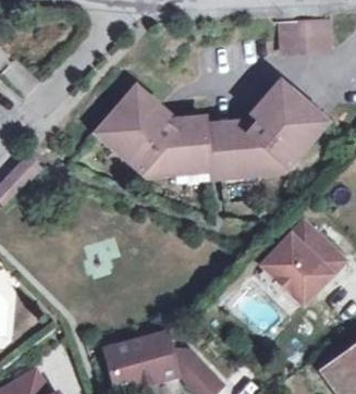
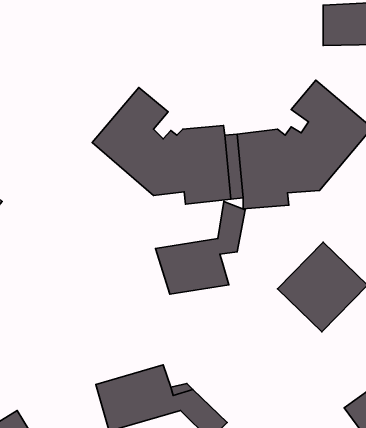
building: none -> [156,201,245,294]

